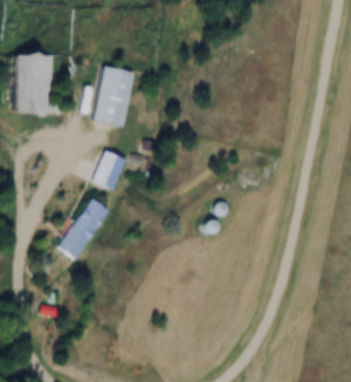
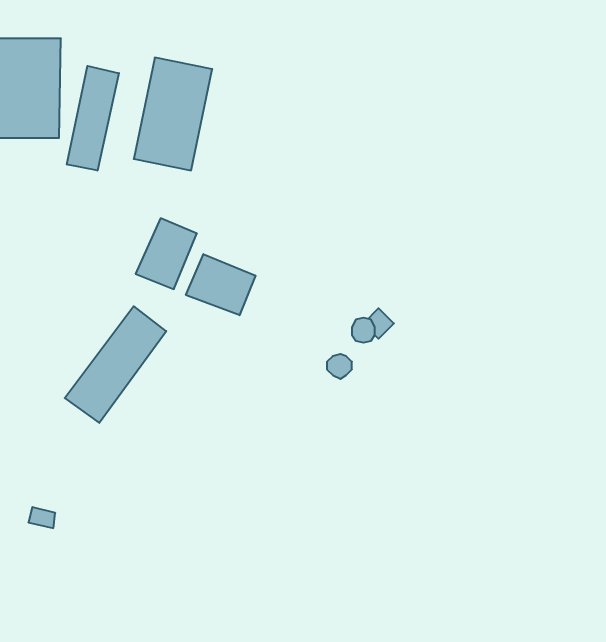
building: none -> [67,66,119,171]
building: none -> [186,254,256,315]

